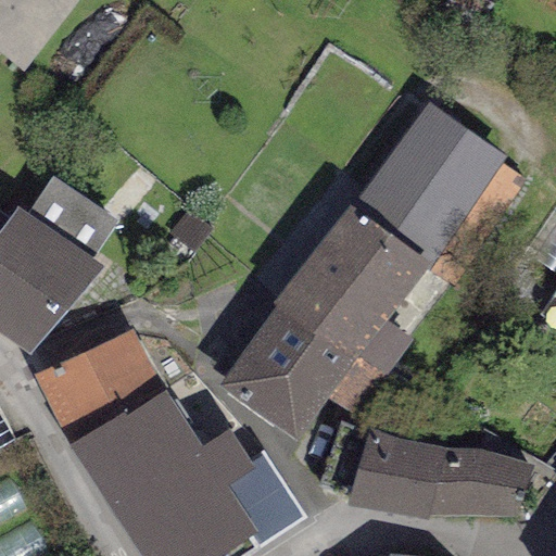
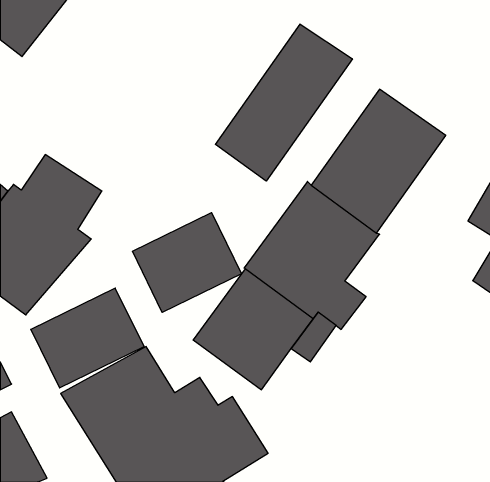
building: none -> [215,24,352,181]
building: none -> [132,213,241,312]
building: [348,430,534,521] -> none

